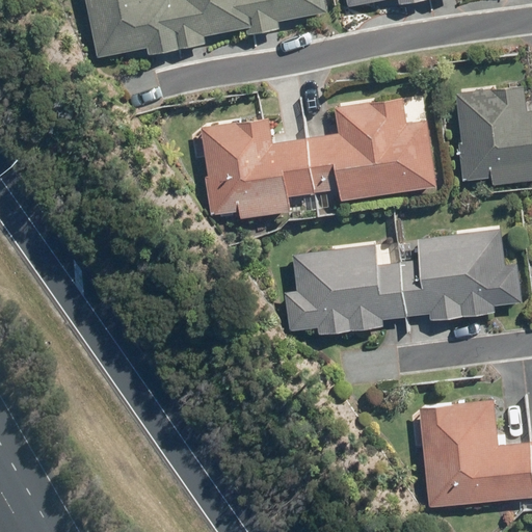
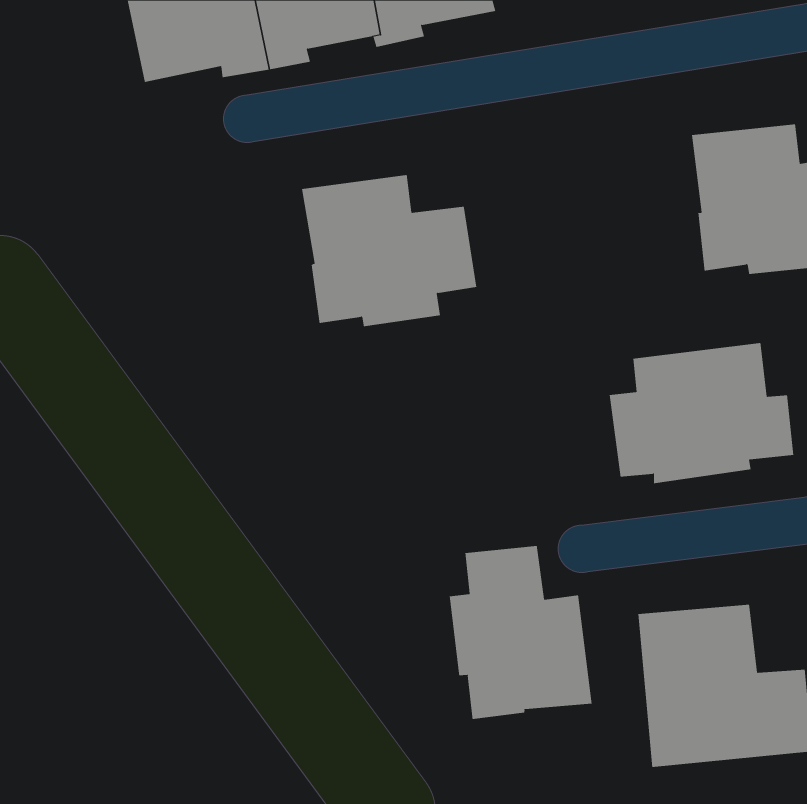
building: [307,99,434,201] -> none
building: [285,244,406,335] -> none
building: none -> [449,545,592,720]

